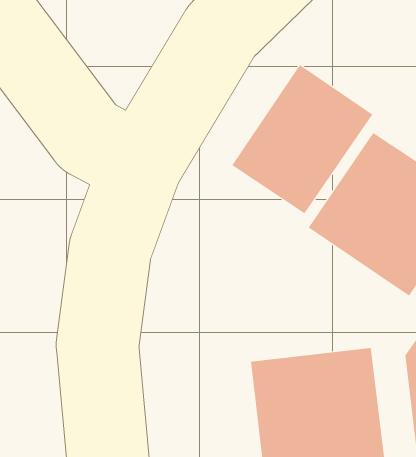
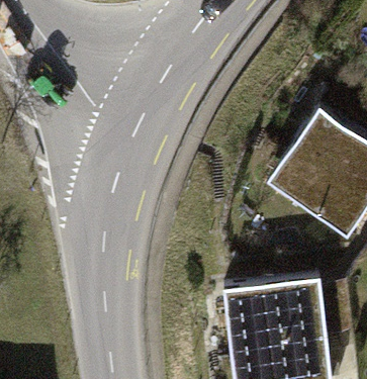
building: [231,64,373,214] -> none

